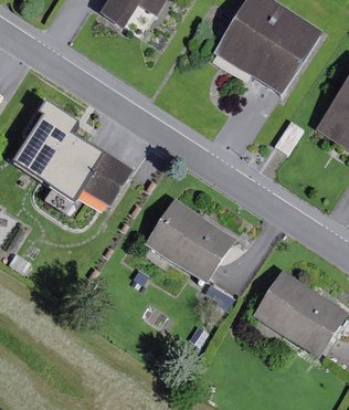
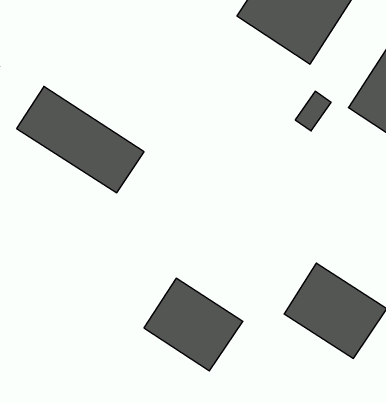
building: [145,199,233,282] -> [144,278,243,371]

